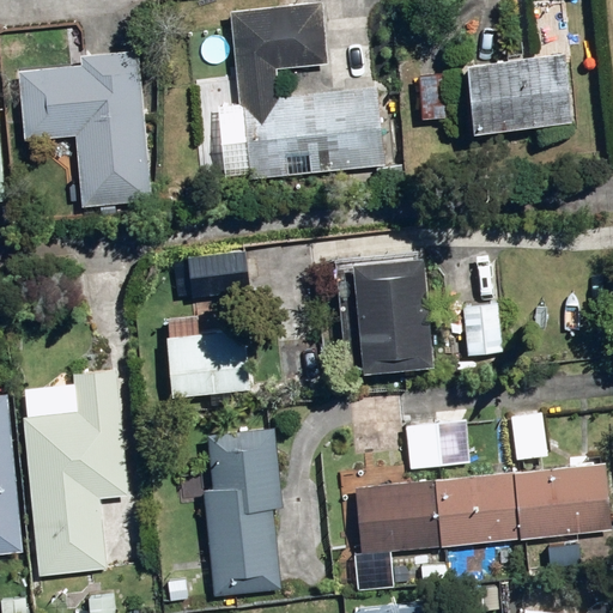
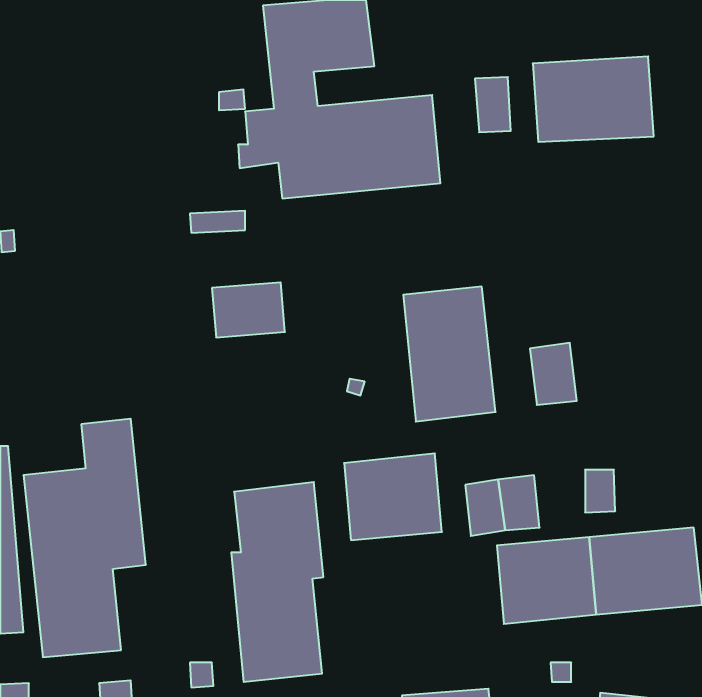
building: [16,50,150,207] -> none
building: [164,317,249,396] -> none
building: [354,480,439,556] -> [344,453,442,540]

